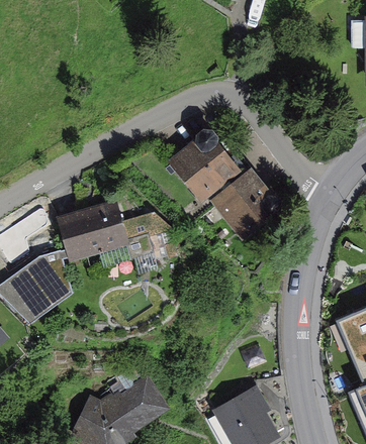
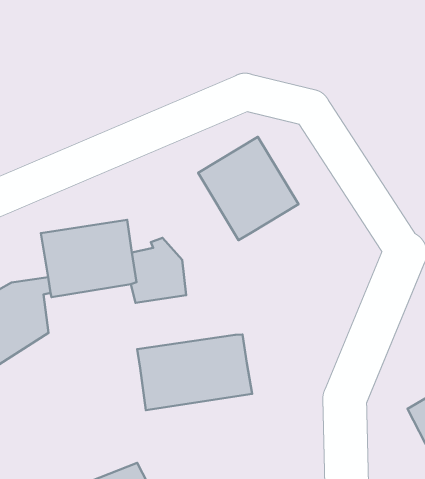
building: [209,166,284,240] -> none
building: none -> [137,335,252,410]

